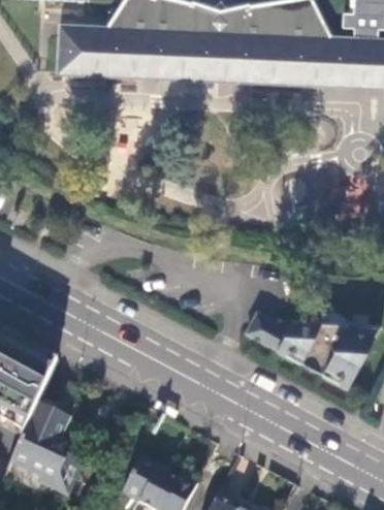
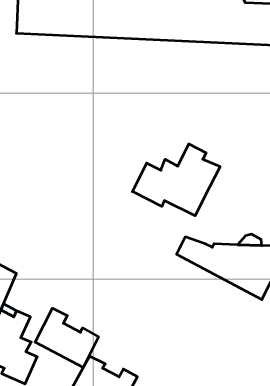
building: none -> [132,144,220,216]
building: none -> [35,308,98,367]

